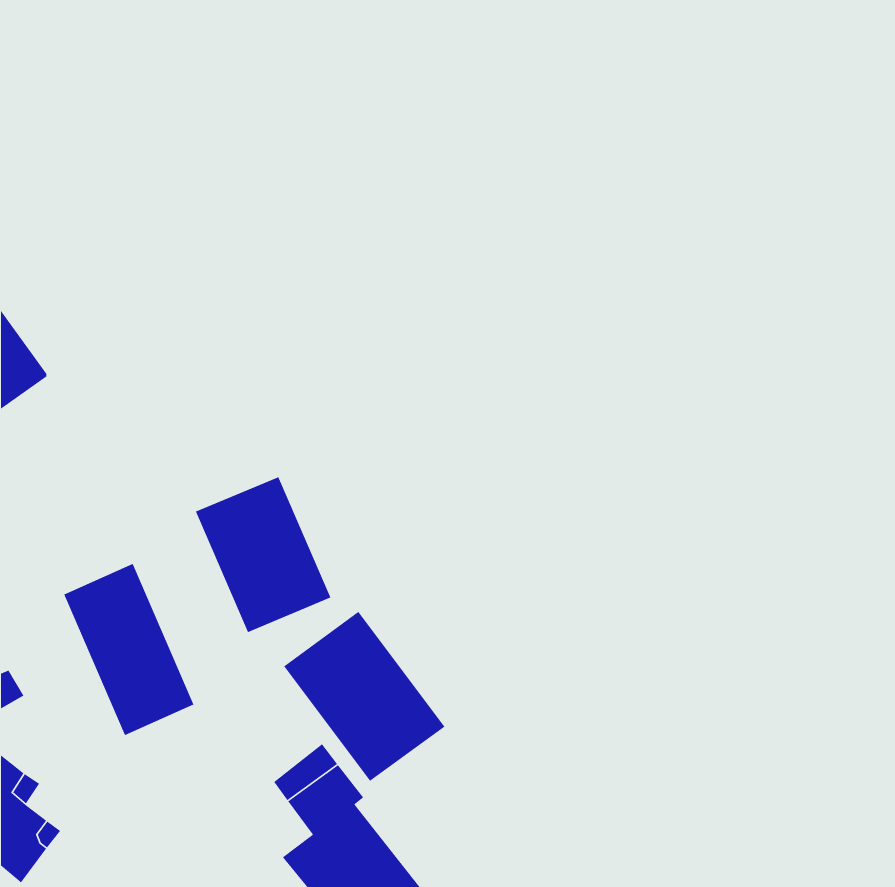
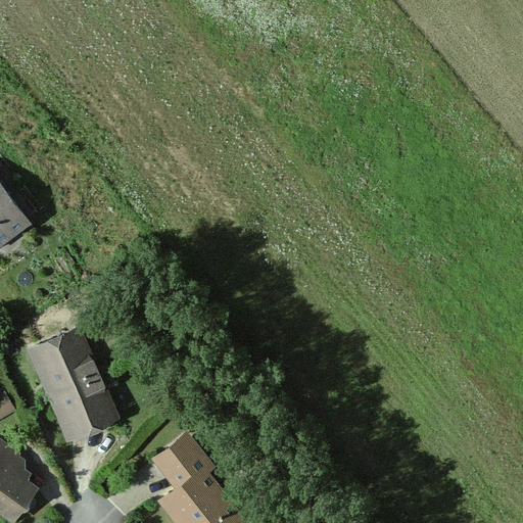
building: [195,476,332,633] -> none
building: [283,611,445,782] -> none

